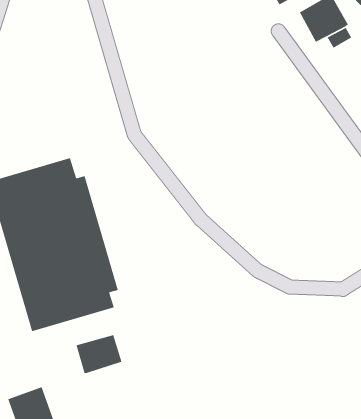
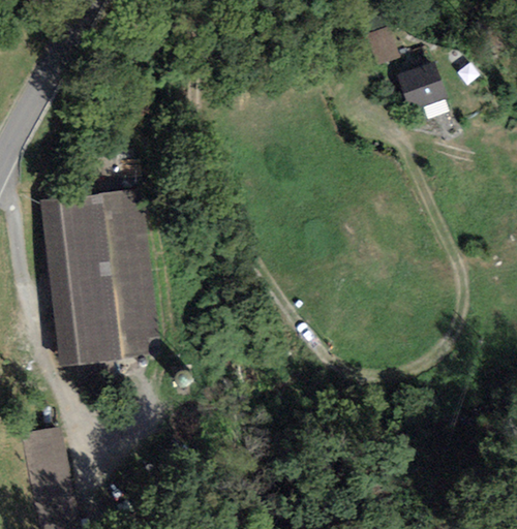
building: [75,334,123,374] -> none

